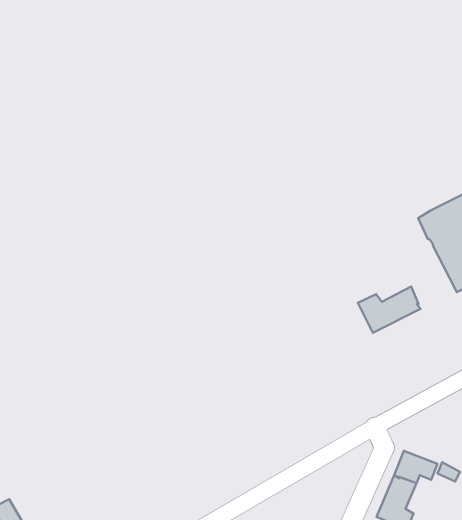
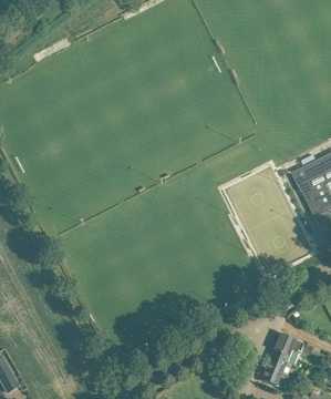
building: [358,287,420,333] -> none

